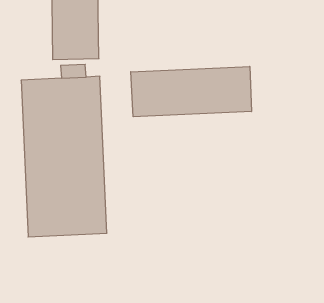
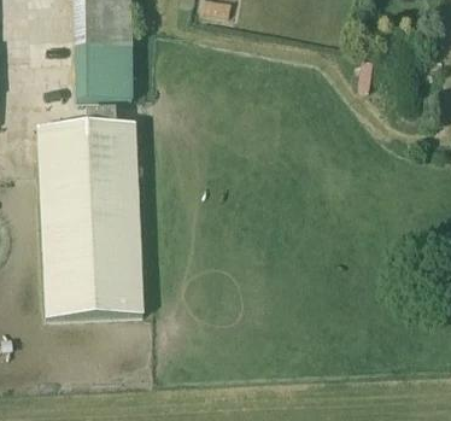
building: [131,66,251,117] -> none

